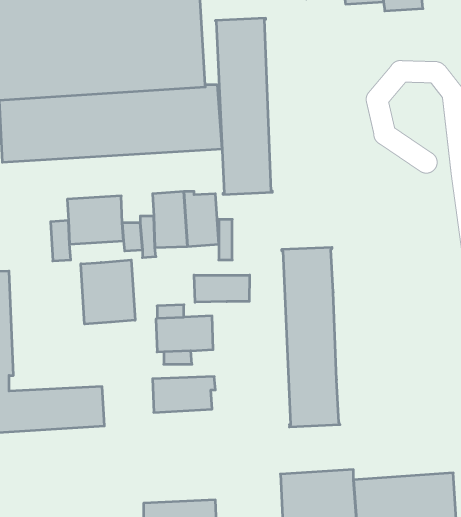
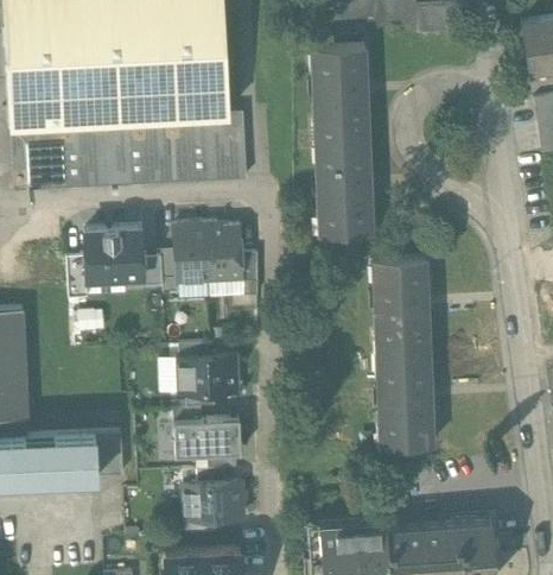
building: [215,18,272,194] -> [311,46,371,233]
building: [282,247,340,427] -> [373,258,434,448]
building: [81,260,135,324] -> none
building: [194,275,250,302] -> none
building: none -> [182,484,243,522]

